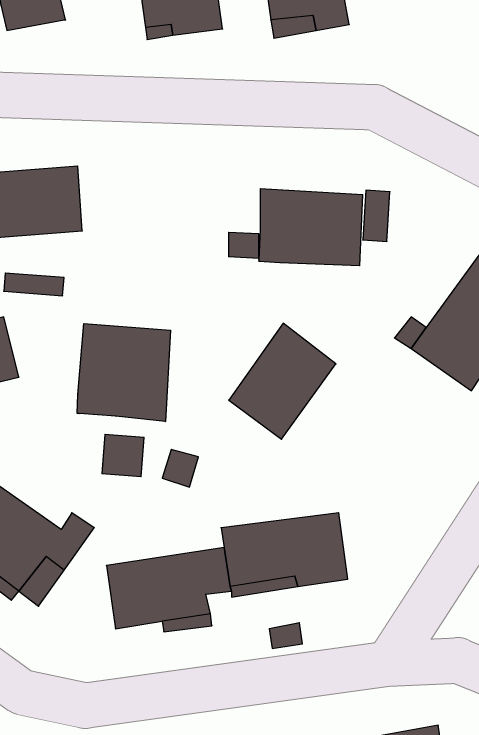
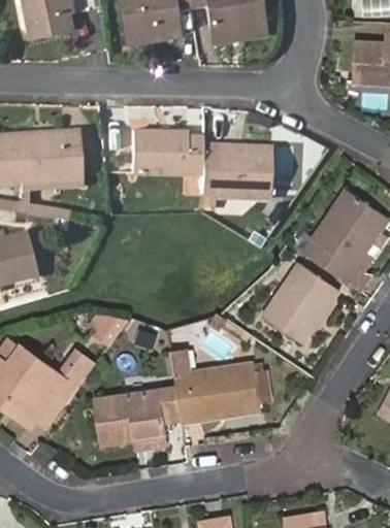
building: none -> [132,129,202,173]
building: [229,323,336,439] -> [267,263,340,342]
building: [77,324,170,422] -> none

